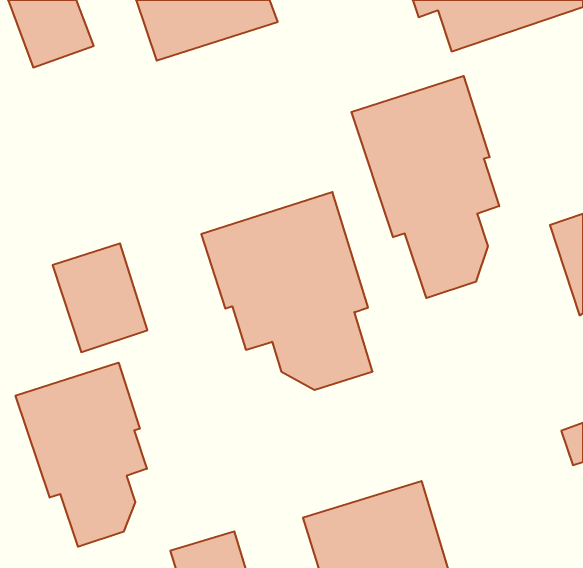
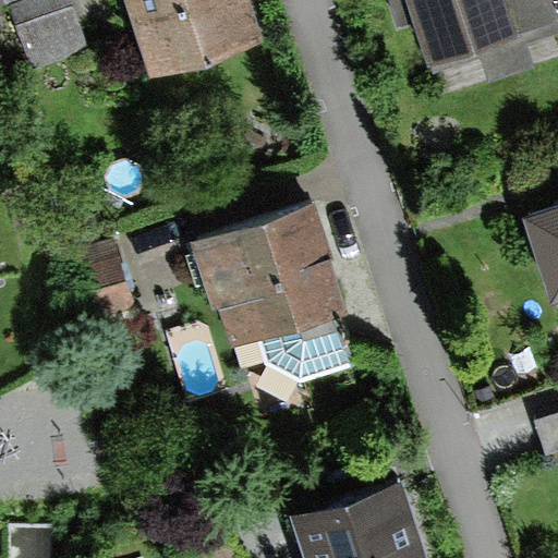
building: [351,76,499,298] -> none
building: [16,363,147,547] -> none

